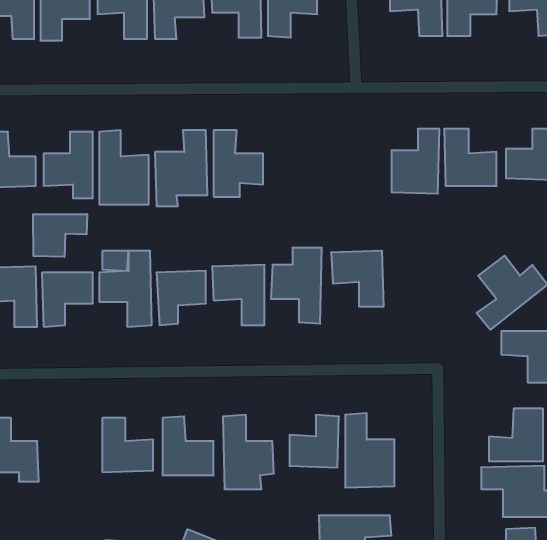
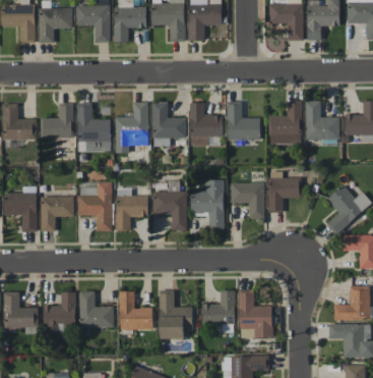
building: none -> [227,101,260,140]
building: none -> [189,102,222,145]
building: [33,214,87,257] -> none
building: none -> [268,170,301,212]
building: none -> [43,291,75,334]

